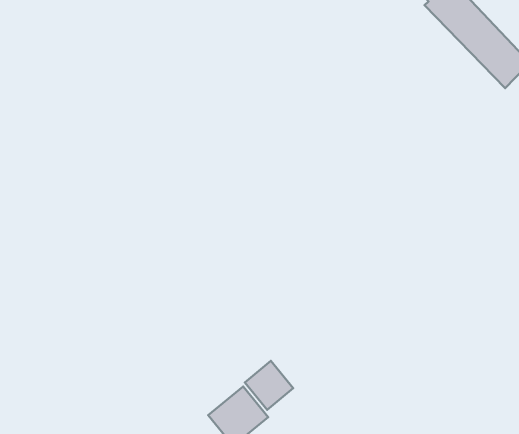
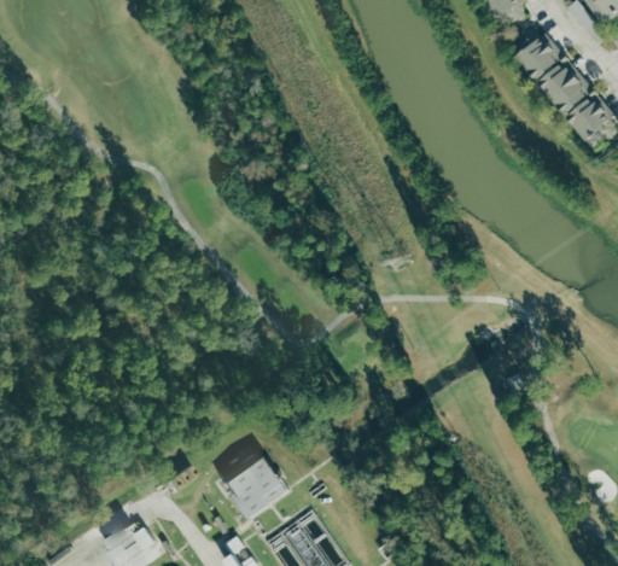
building: [245,361,293,410] -> none

